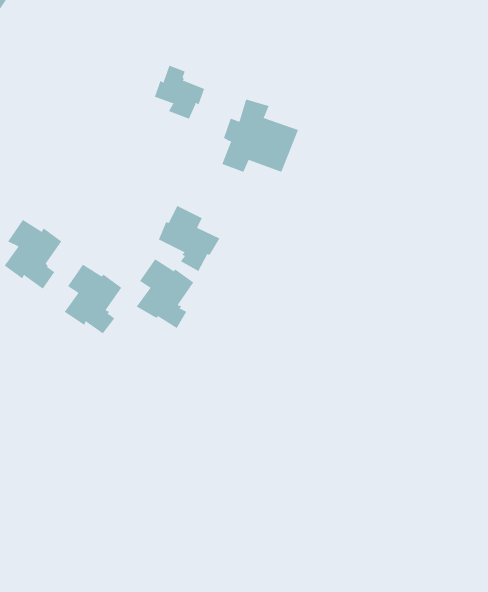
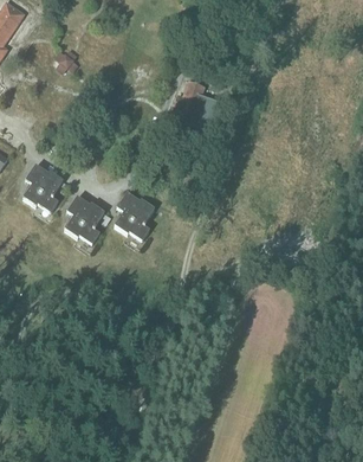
building: [154,65,205,120] -> none
building: [158,205,220,272] -> none

